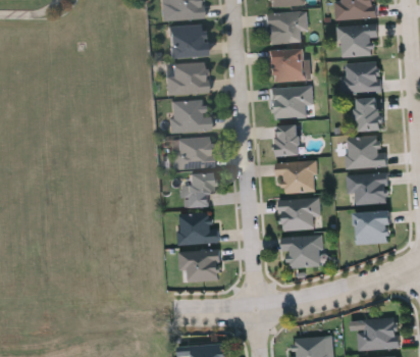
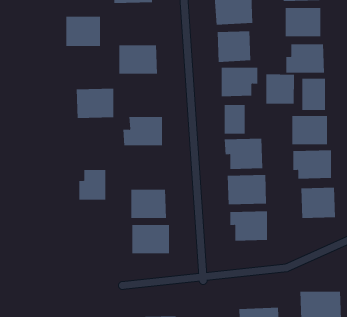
building: [168,27,205,58] -> [65,16,101,47]
building: none -> [266,74,294,104]
building: [169,100,209,132] -> [76,88,114,119]
building: [182,174,211,206] -> [79,170,106,200]

